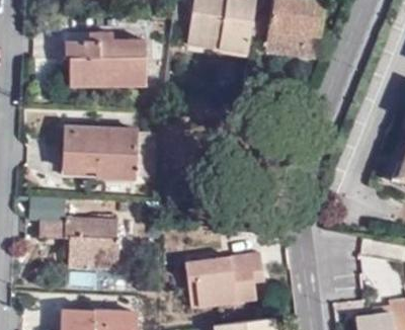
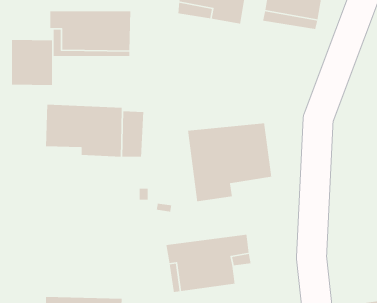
building: none -> [11,39,53,86]
building: none -> [187,122,272,202]
building: [38,217,117,268] -> none

